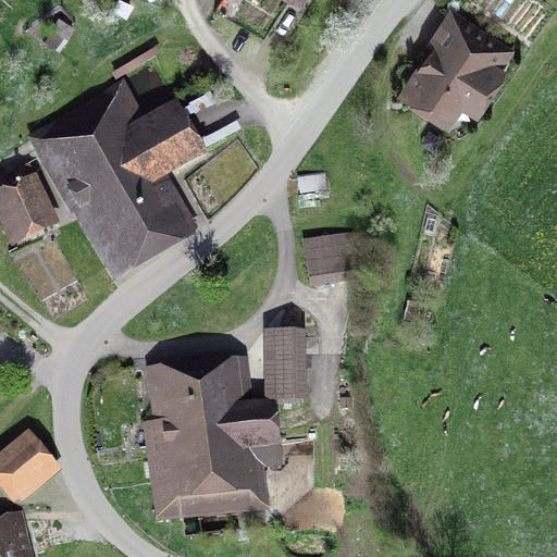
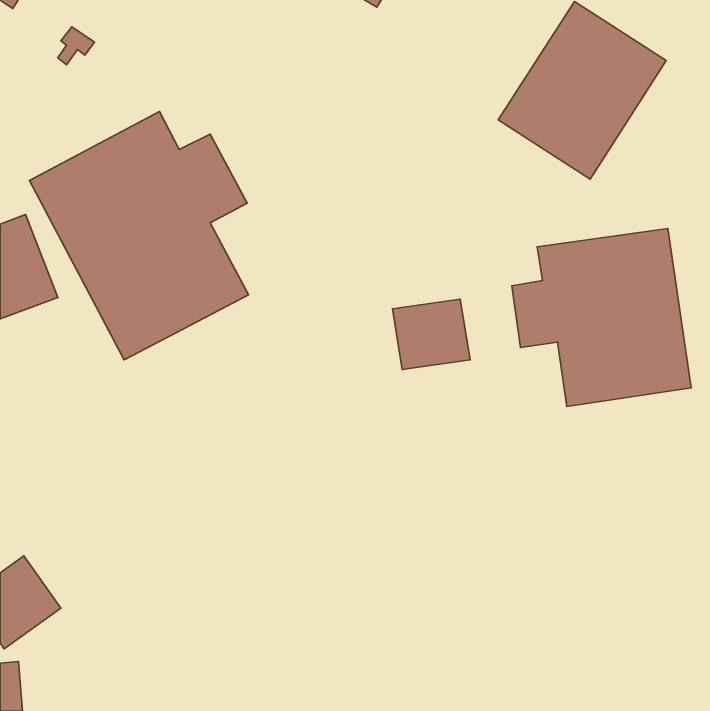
building: none -> [512,228,691,406]
building: [265,332,309,397] -> none
building: [140,356,276,520] -> none

